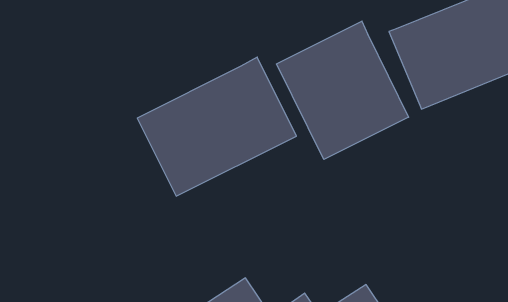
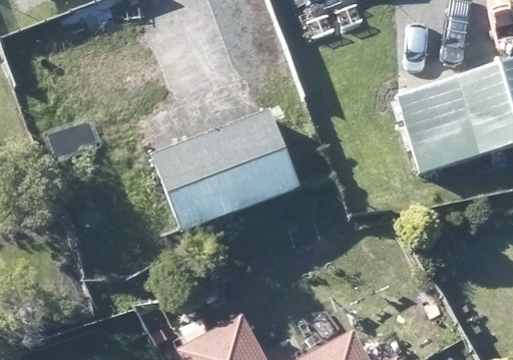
building: [276,21,409,159] -> none

